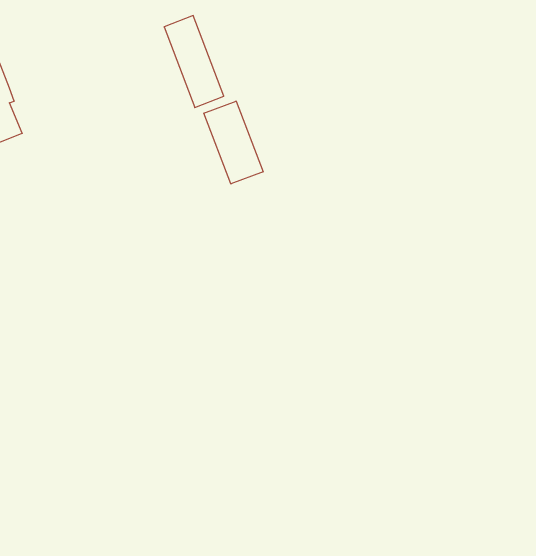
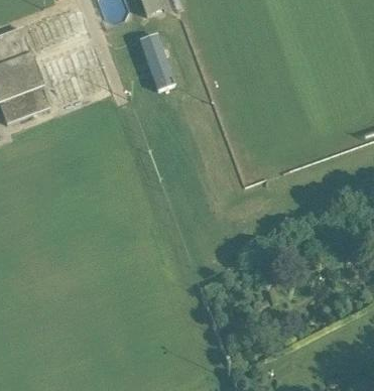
building: [204,101,263,184] -> none

